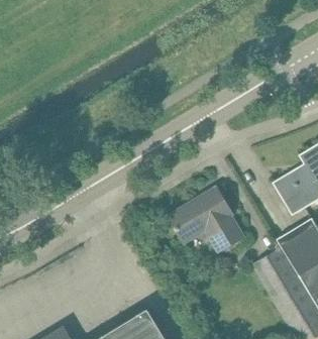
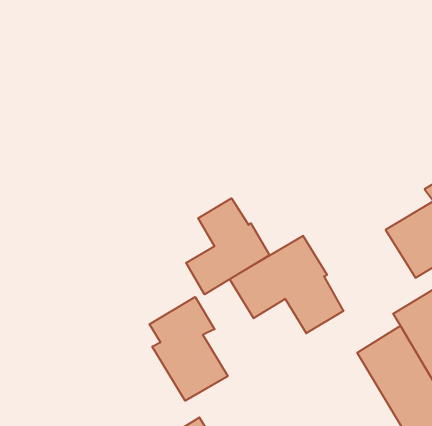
building: none -> [186,198,269,294]
building: none -> [149,297,228,401]

